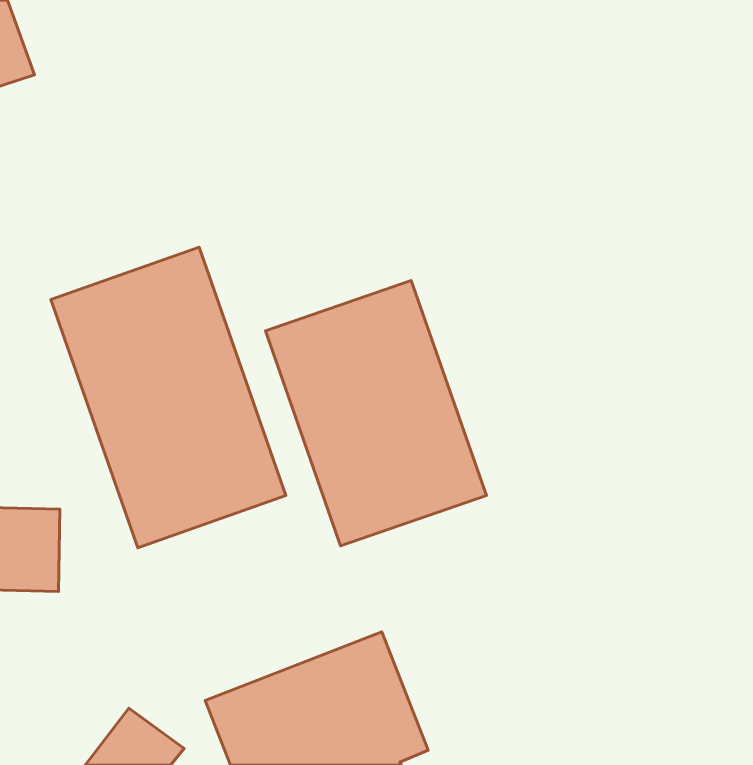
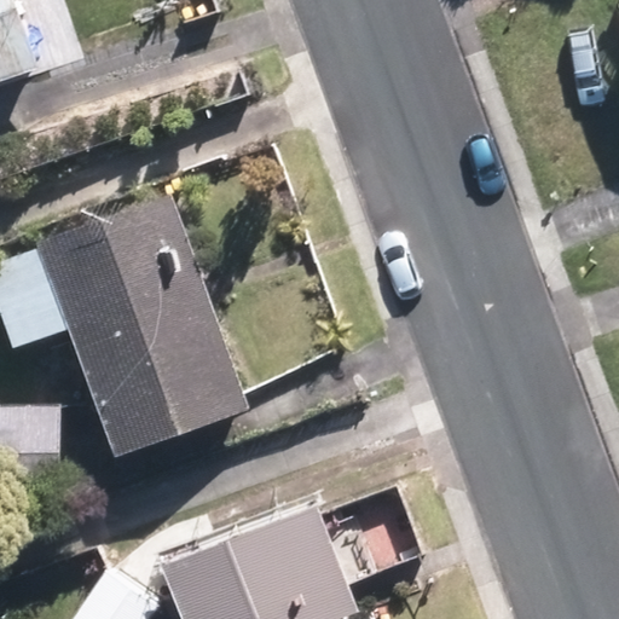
building: [265,280,486,546] -> none

